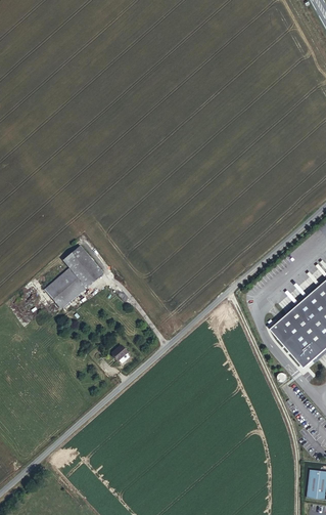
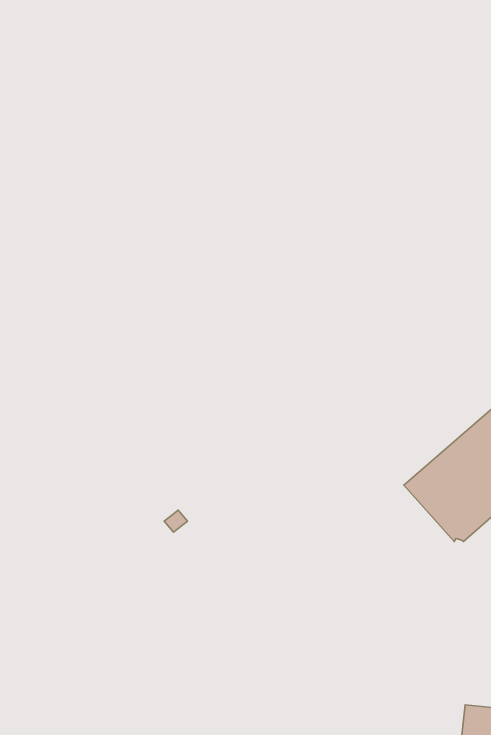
building: [46,244,104,307] -> none

